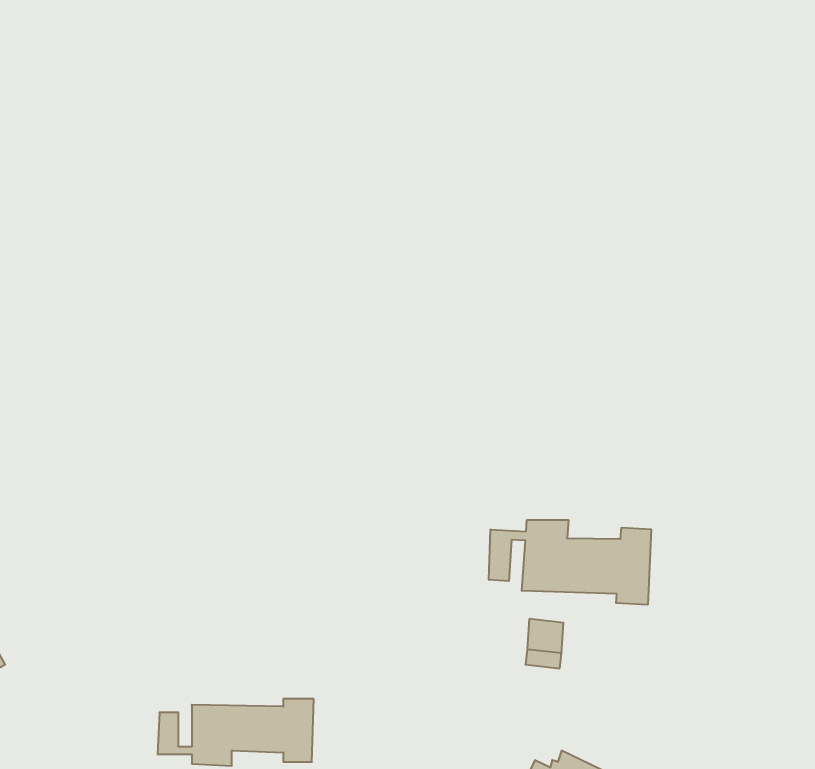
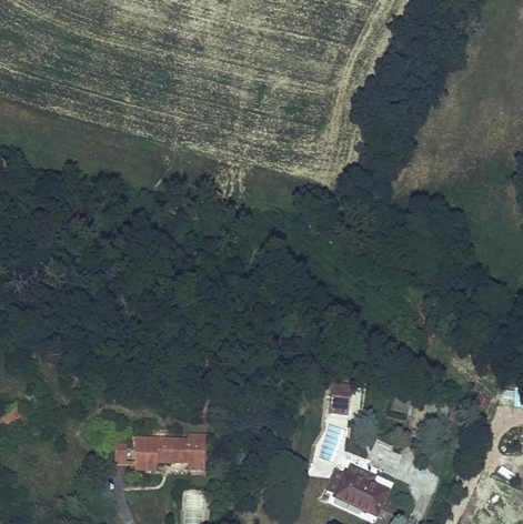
building: [489,520,651,605] -> none

